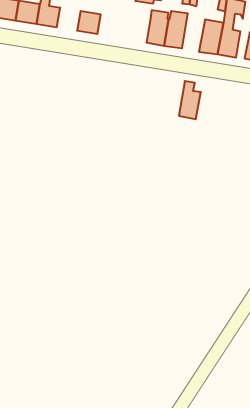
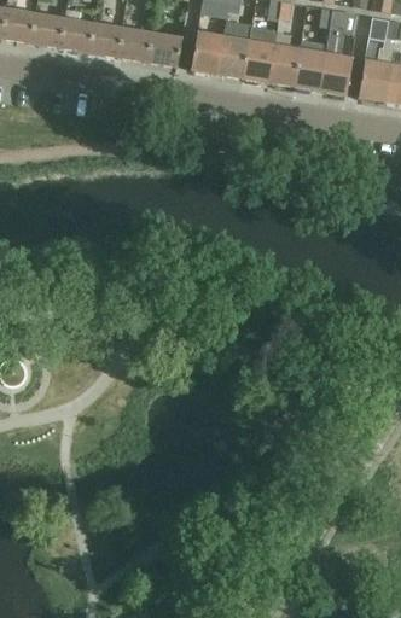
building: none -> [89,23,123,56]
building: none -> [192,31,223,72]
building: none -> [147,33,181,65]
building: [179,81,201,119] -> [268,31,300,86]

